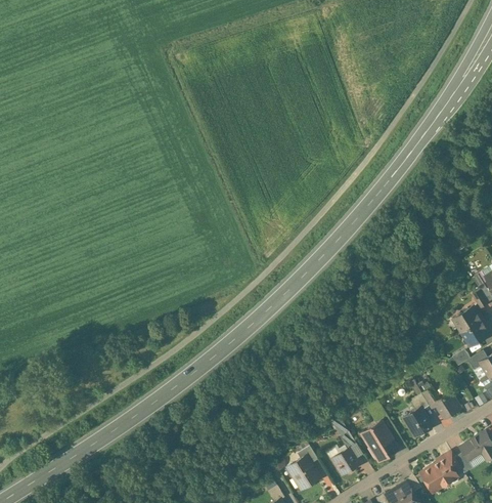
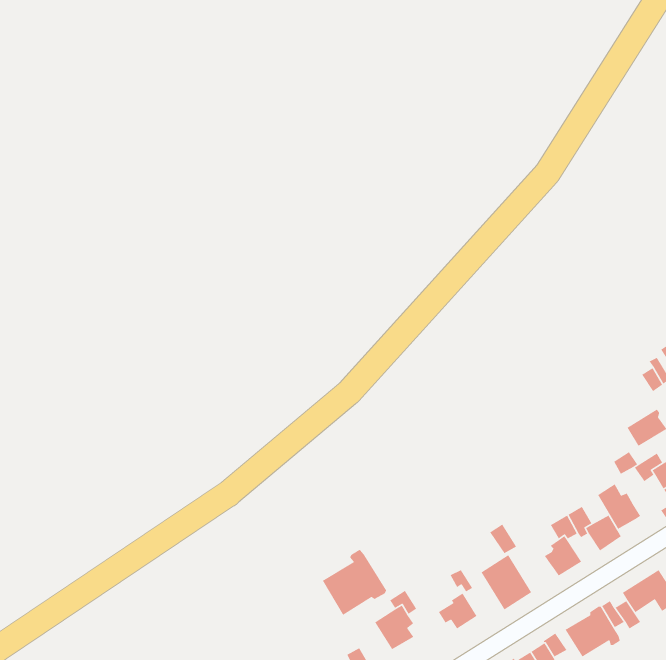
building: [455,307,484,333] -> none
building: none -> [597,482,641,530]
building: none -> [322,549,387,616]

